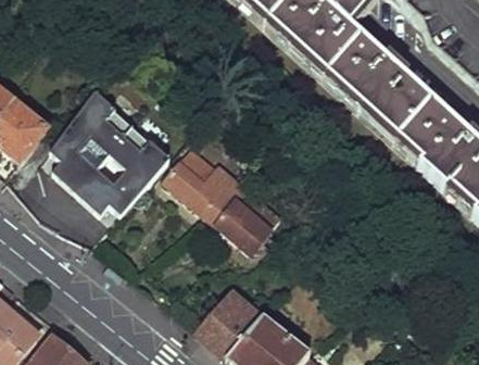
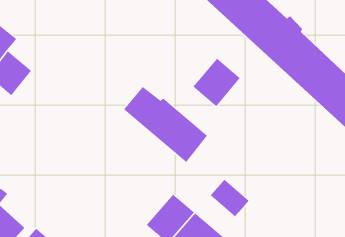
building: [49,89,169,212] -> none
building: none -> [193,58,241,107]
building: none -> [210,179,250,217]

